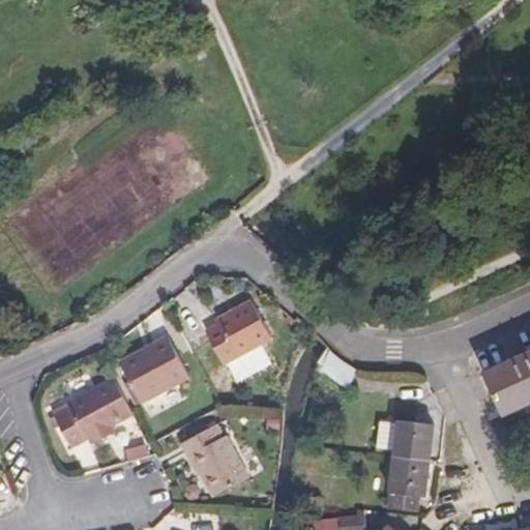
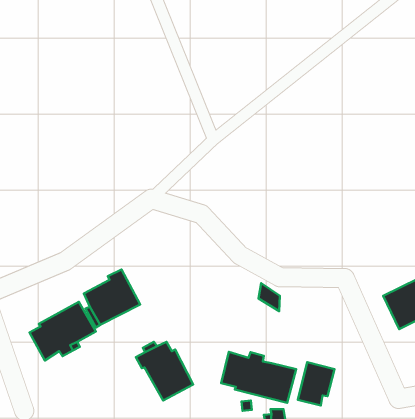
building: [204,302,269,365] -> none
building: [391,415,433,459] -> none
building: none -> [221,352,296,403]

